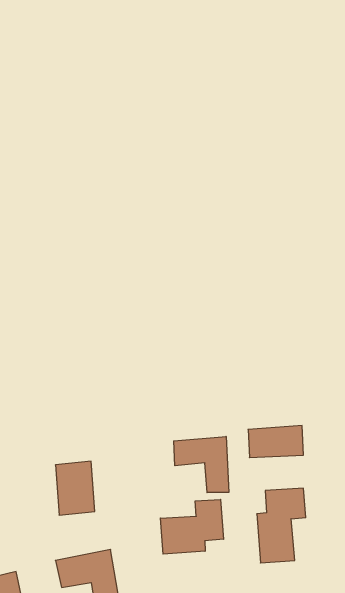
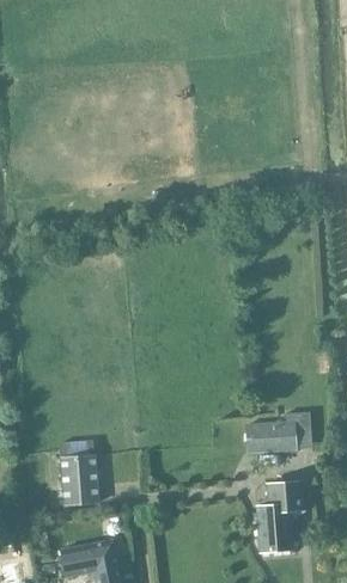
building: [174,436,229,493] -> none
building: [160,499,224,554] -> none

